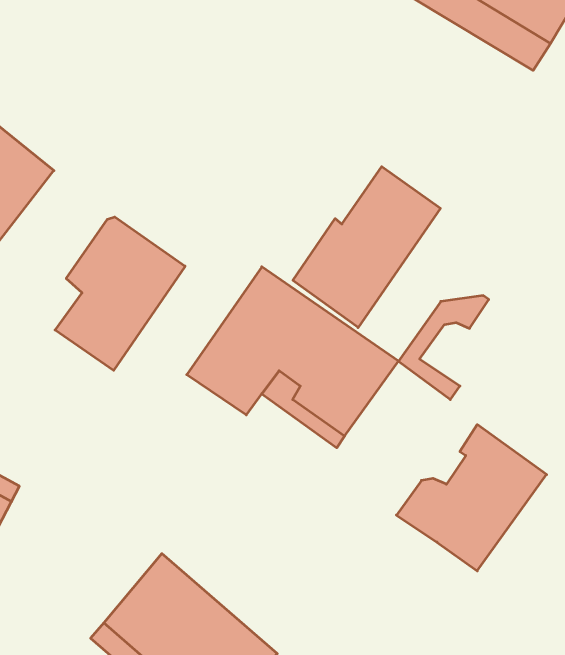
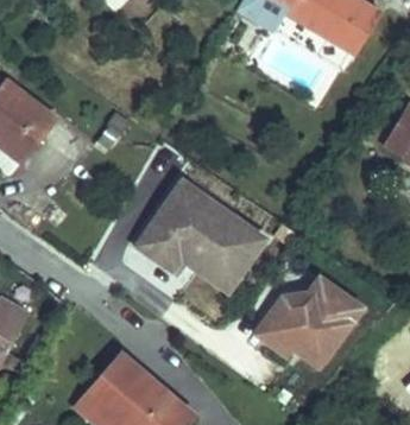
building: [293,167,440,328] -> none
building: [55,217,185,370] -> none
building: [398,296,489,400] -> [254,293,310,357]

